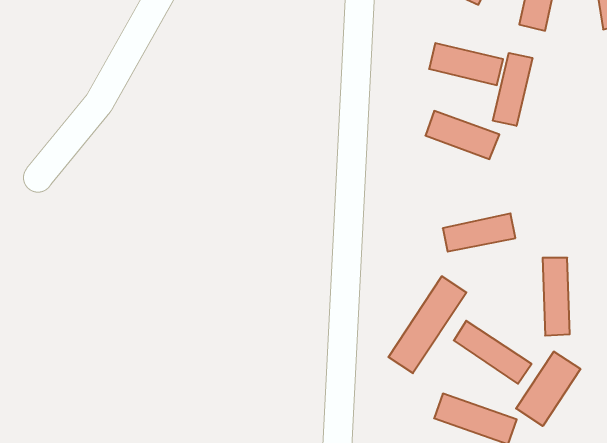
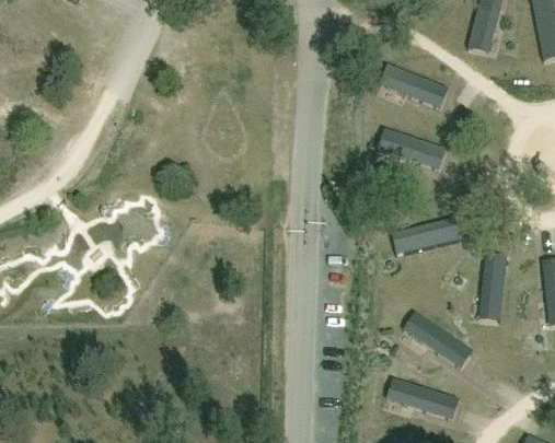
building: [493,53,532,126] -> none
building: [388,276,466,373] -> none
building: [516,351,580,426] -> none

